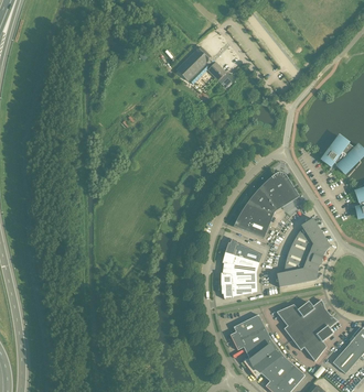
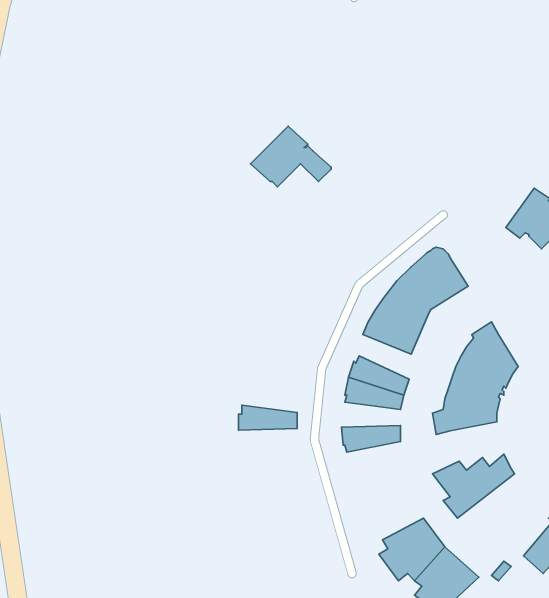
building: [176,46,226,84] -> [251,126,331,187]
building: [221,268,257,283] -> [238,405,297,430]
building: [292,312,338,361] -> none
building: [231,315,271,352] -> none

